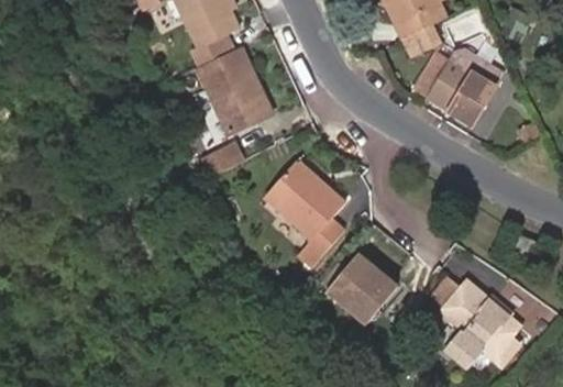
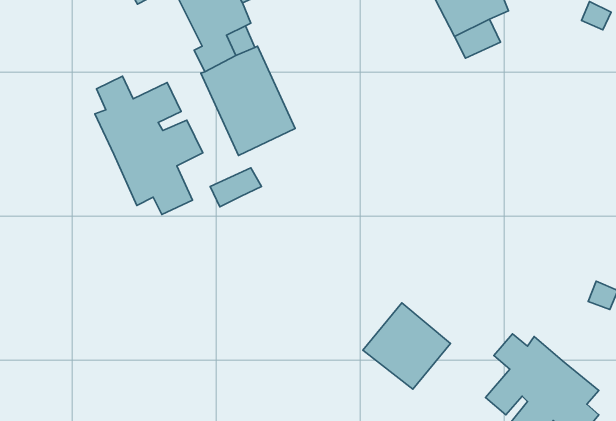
building: [411,46,503,123] -> none
building: none -> [95,76,203,215]
building: [263,159,345,267] -> none

